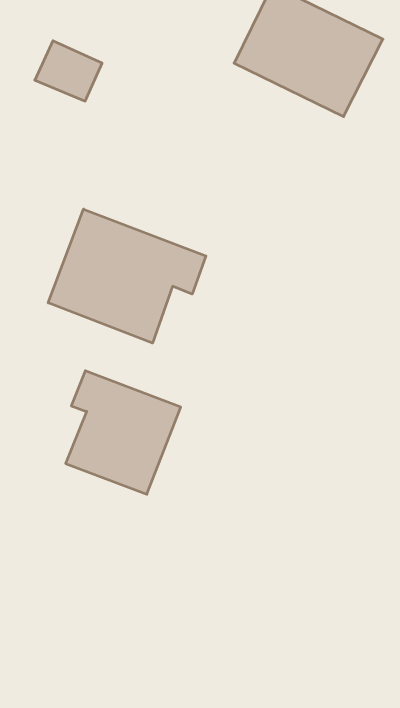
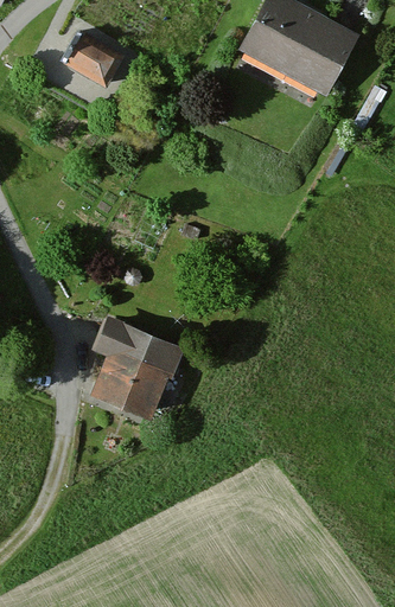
building: [48,209,206,343] -> none

